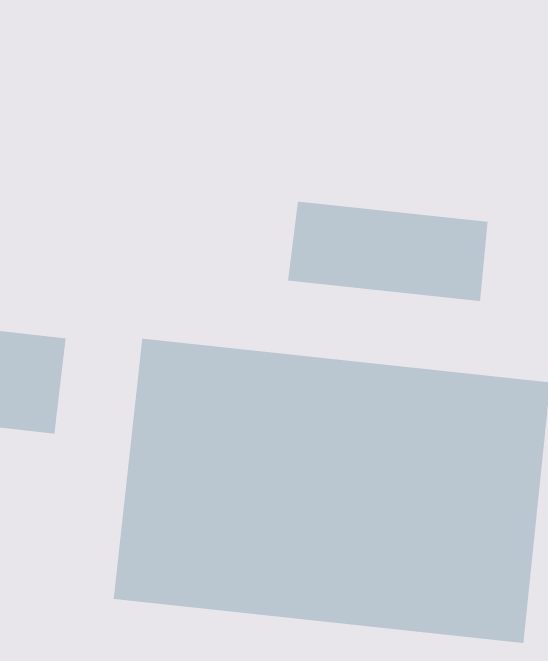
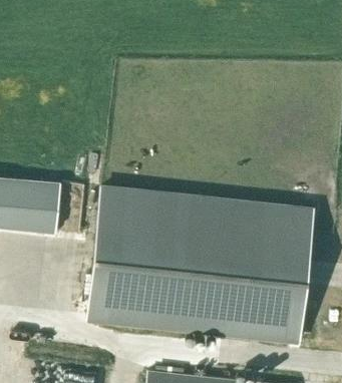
building: [287,201,488,302] -> none

